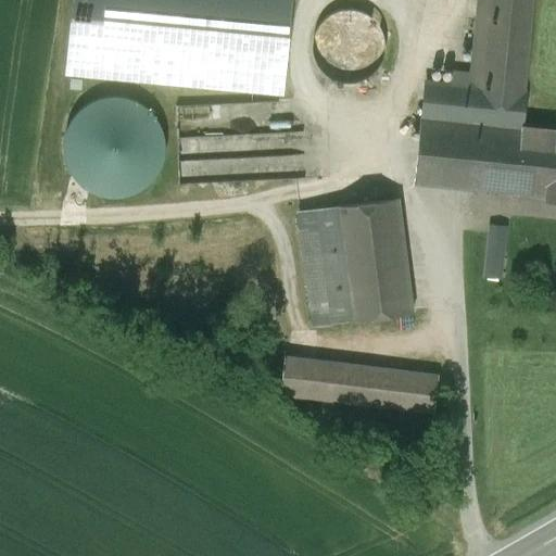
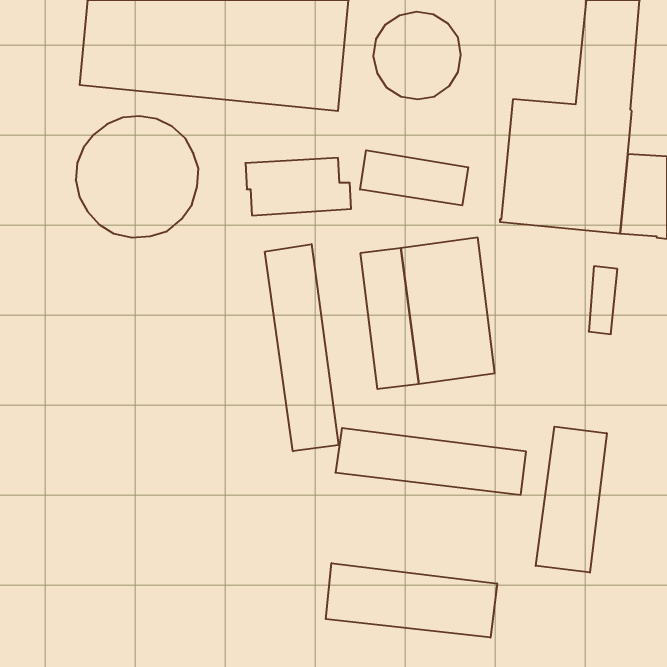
building: none -> [360,150,468,205]
building: none -> [265,244,338,451]
building: none -> [536,427,607,573]
building: none -> [326,563,497,638]

